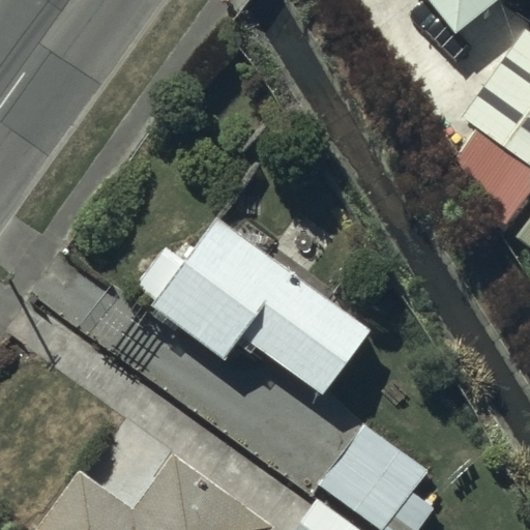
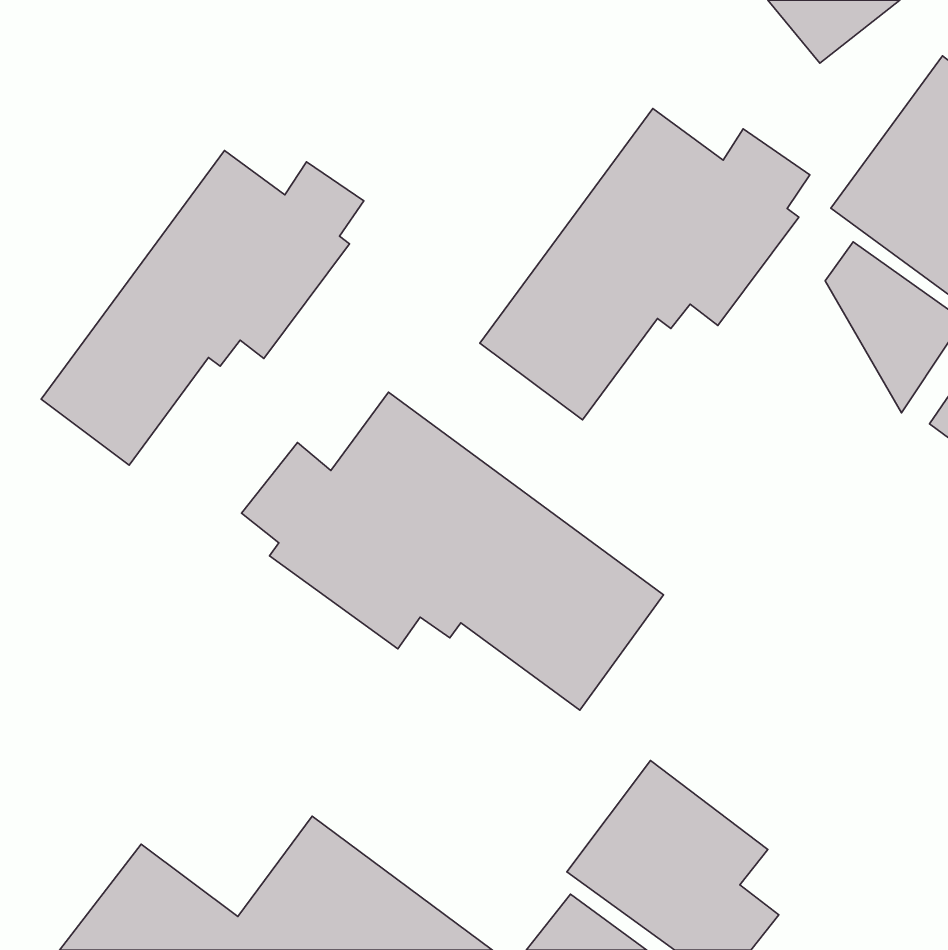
building: none -> [480,108,810,420]
building: none -> [41,150,364,465]

